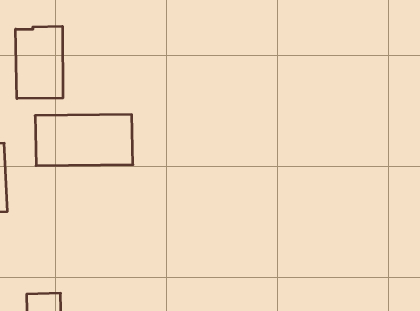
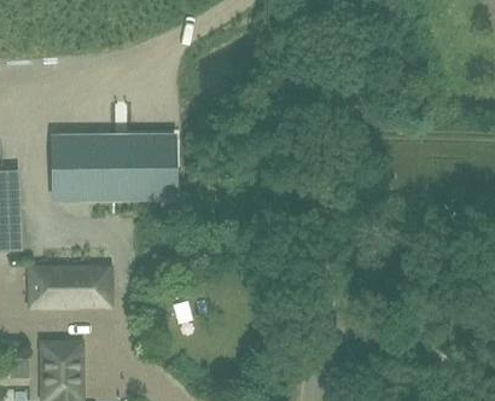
building: [16,26,63,99] -> none
building: none -> [30,267,109,304]

